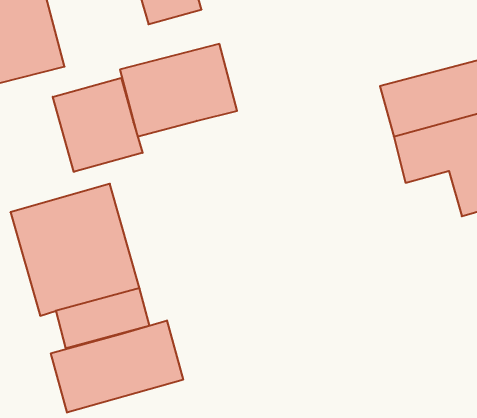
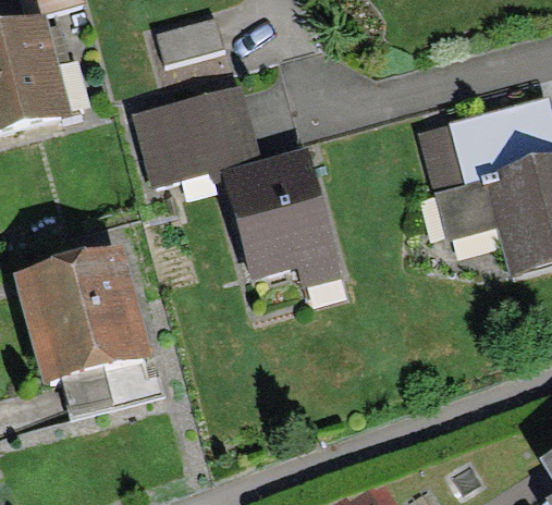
building: [53,78,143,172] -> none
building: none -> [218,146,343,287]
building: [51,320,183,413] -> none

